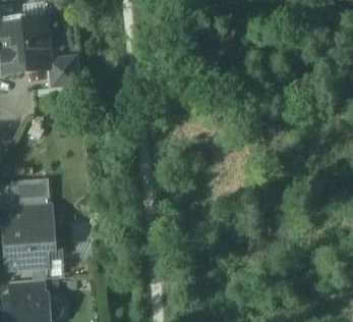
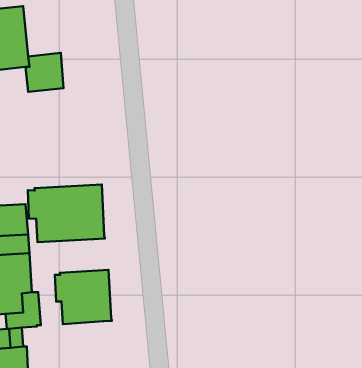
building: none -> [28,185,105,242]
building: none -> [55,270,112,324]

